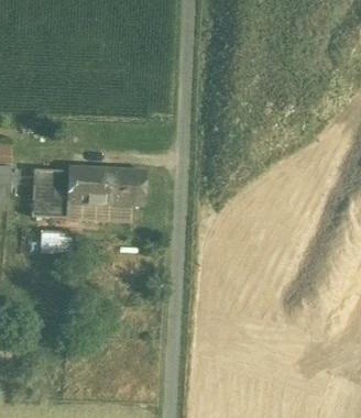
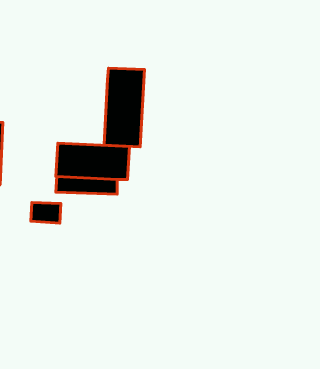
building: none -> [104,68,145,147]
building: [31,166,68,218] -> none

